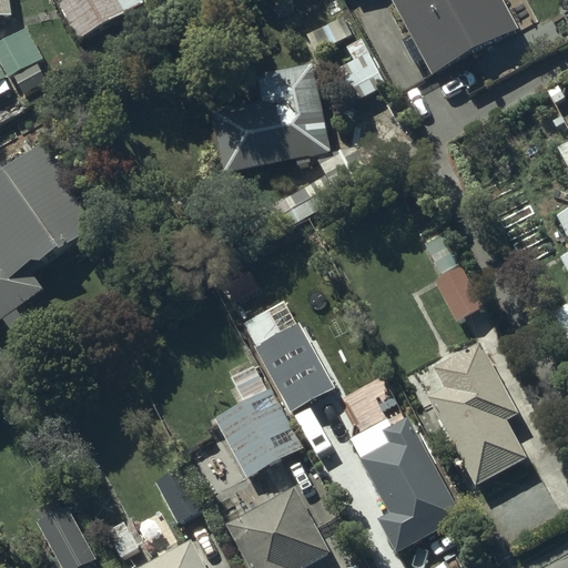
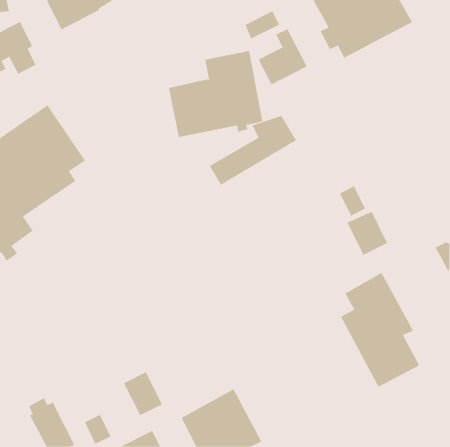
building: [243,306,346,409] -> none
building: [214,363,303,477] -> none
building: [351,416,462,552] -> none

